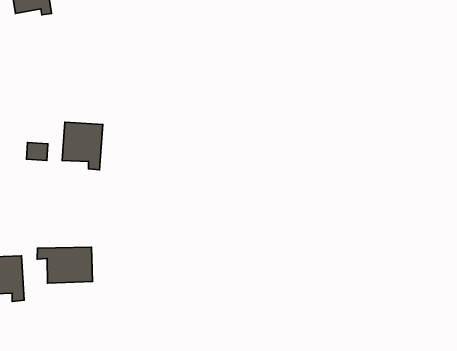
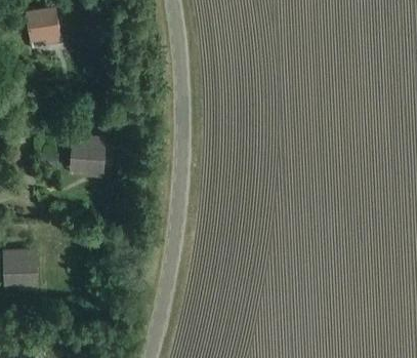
building: [37,247,93,283] -> none

